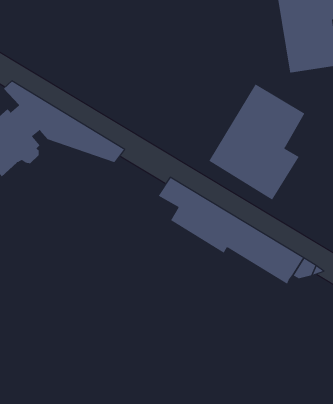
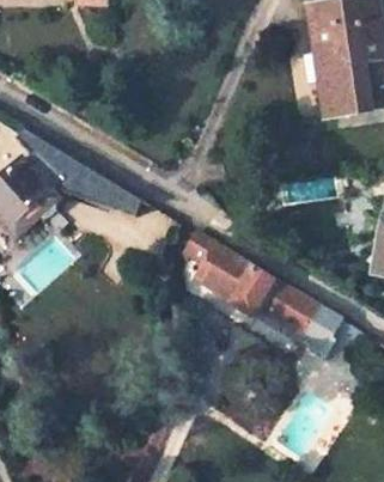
building: [209,84,305,200] -> none

